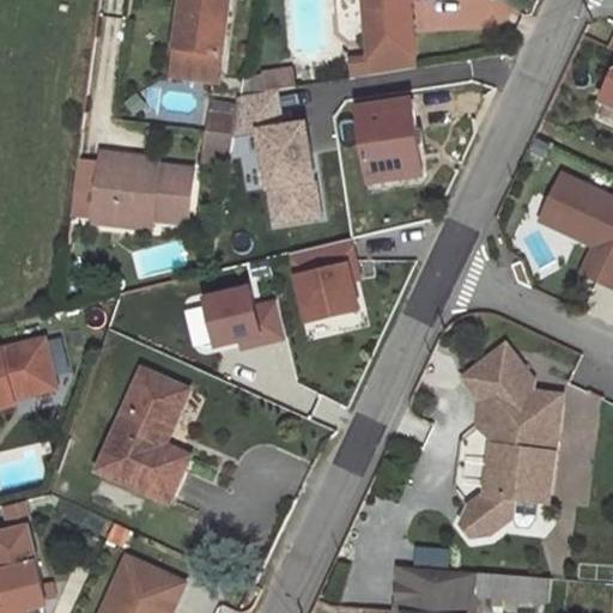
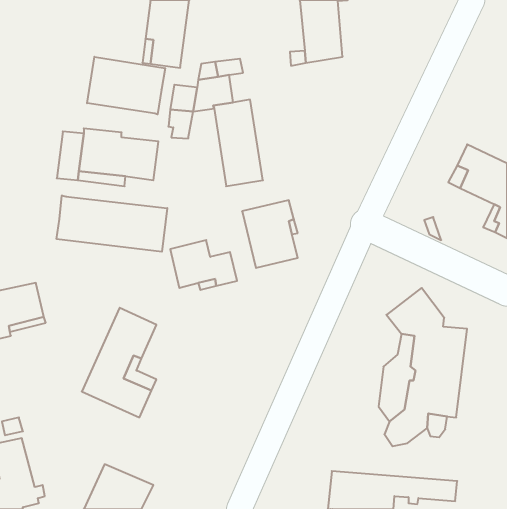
building: none -> [87,57,165,114]
building: [357,101,421,182] -> none
building: none -> [57,195,167,252]

